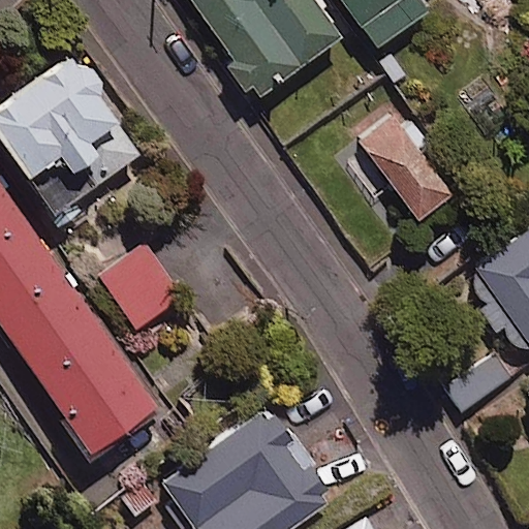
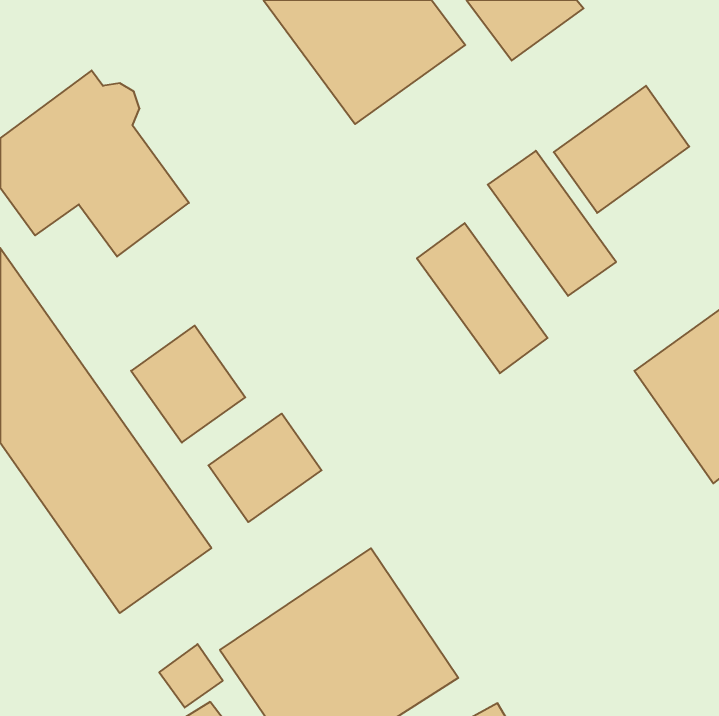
building: none -> [554,86,689,213]
building: none -> [417,223,548,373]
building: none -> [208,414,322,522]

